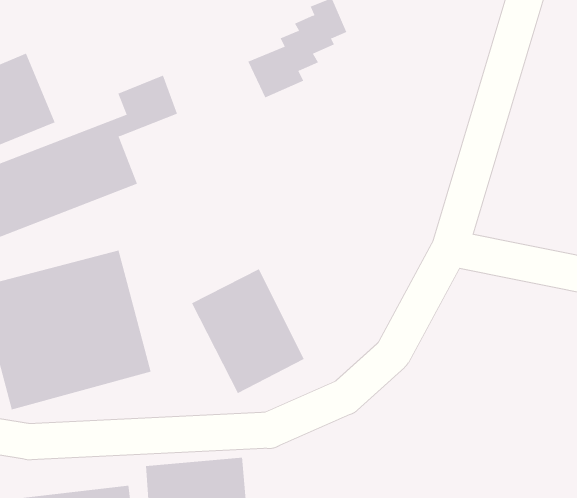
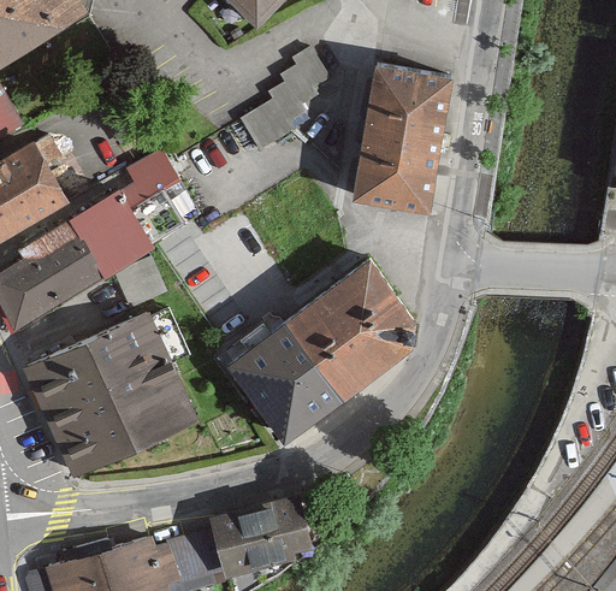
building: none -> [345,55,448,201]
building: none -> [280,252,411,389]

